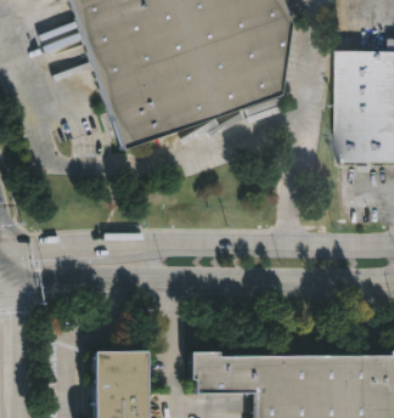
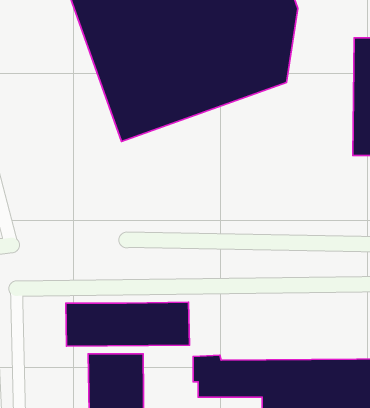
building: none -> [66,302,189,346]

